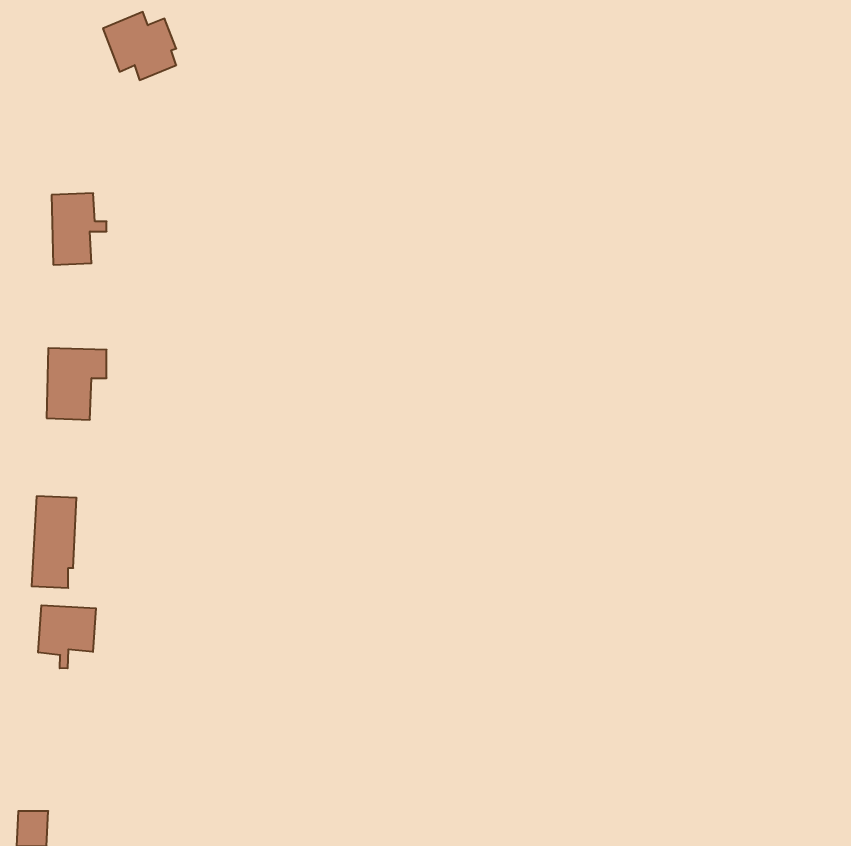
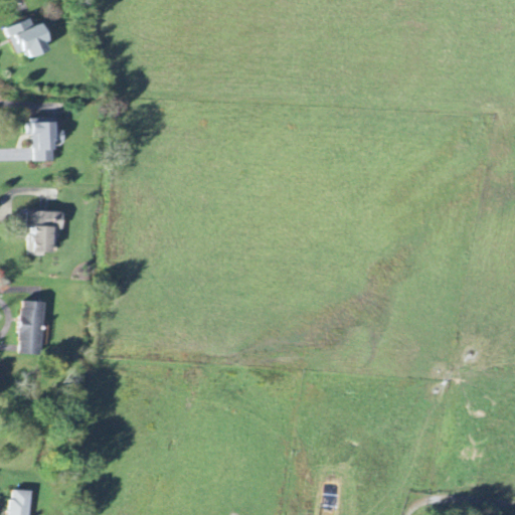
building: [103,12,176,80] -> [6,17,50,58]
building: [38,605,96,668] -> none

